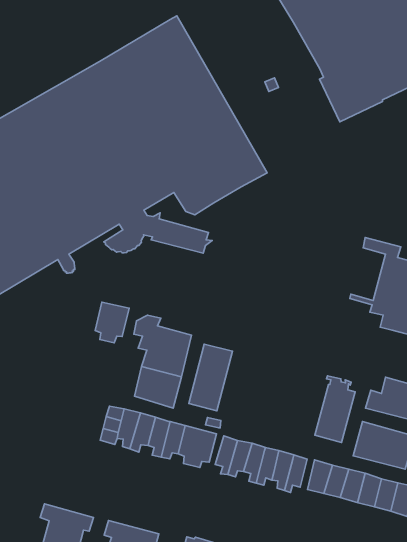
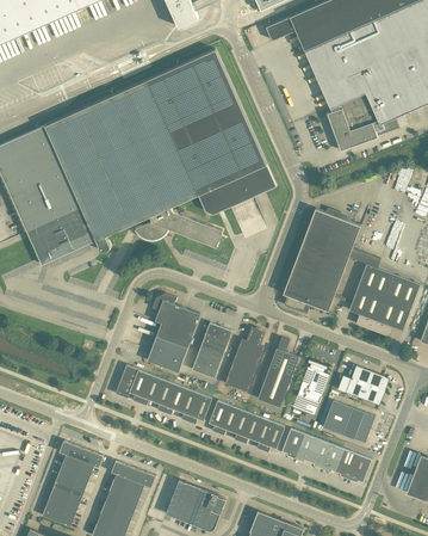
building: none -> [283,210,360,310]
building: [95,302,129,343] -> none
building: none -> [224,327,263,392]
building: none -> [256,337,298,407]

